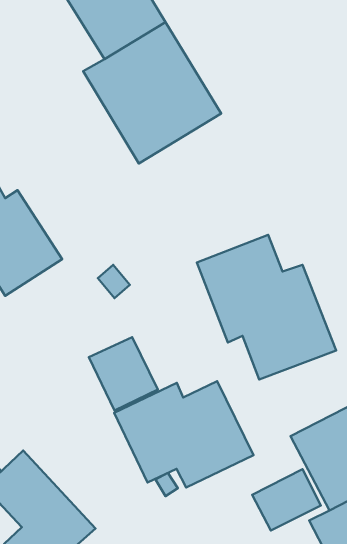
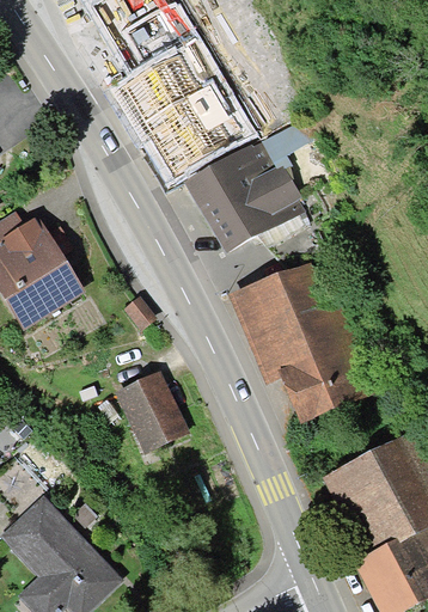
building: none -> [185,122,313,252]
building: [114,381,253,487] -> none
building: [252,469,321,530] -> none

